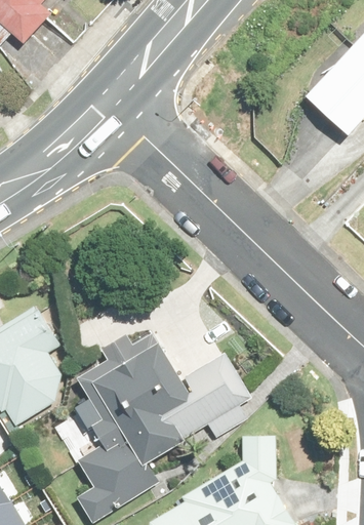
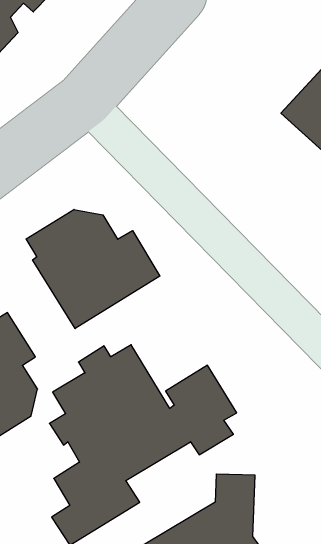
building: none -> [26,209,160,329]

